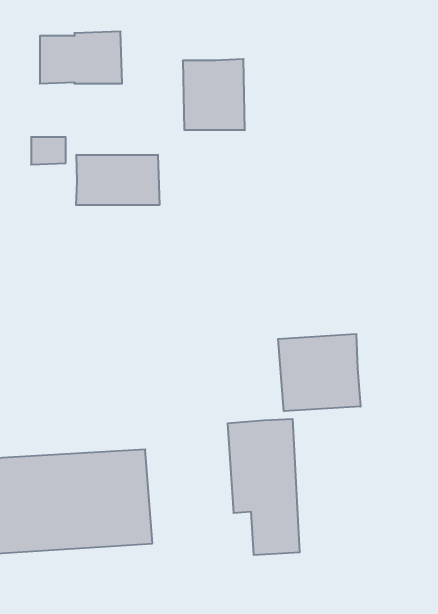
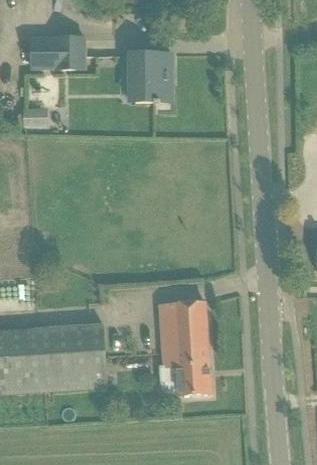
building: [76,155,159,205] -> none
building: [278,334,361,411] -> none

